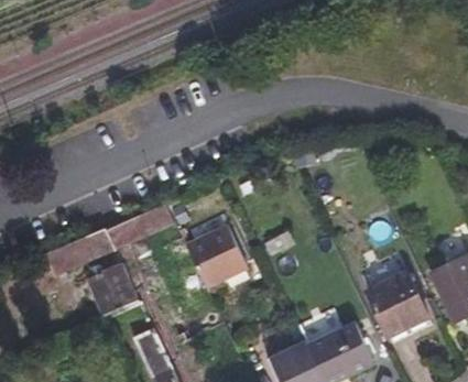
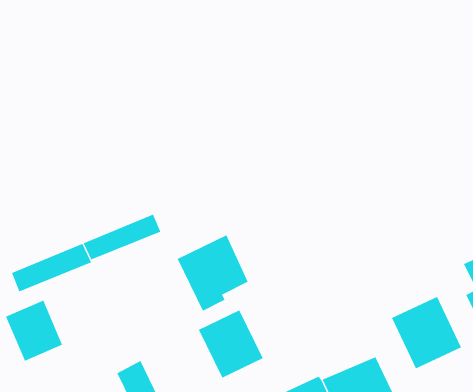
building: [87,265,137,318] -> [5,300,63,362]
building: none -> [198,309,263,379]

